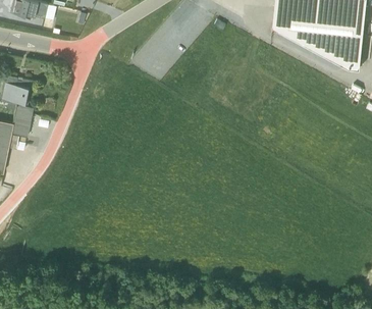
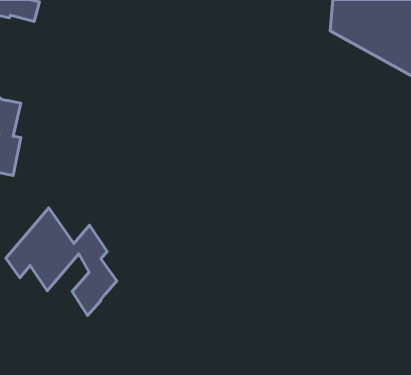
building: none -> [6,208,117,316]

